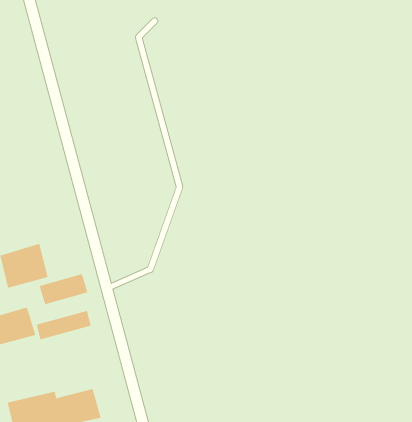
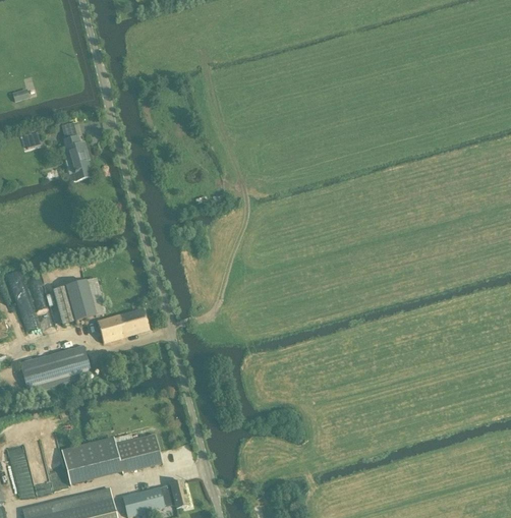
building: none -> [60,122,91,182]
building: [36,310,91,340] -> none

